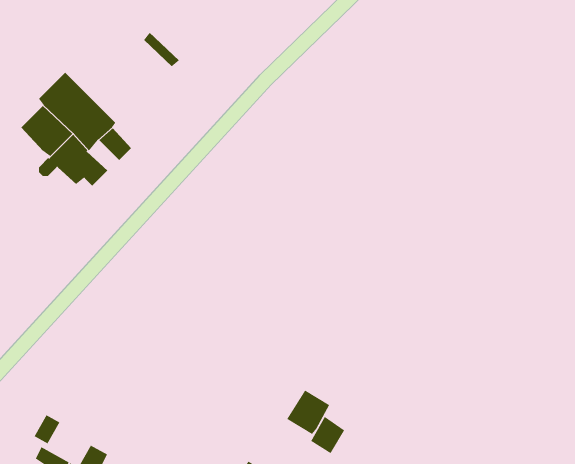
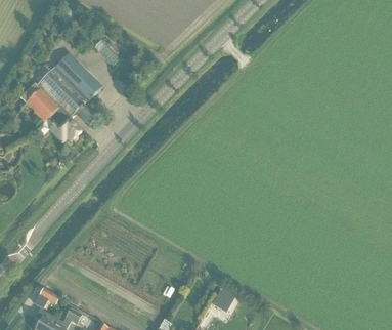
building: none -> [55,51,103,99]
building: [286,390,330,435] -> none

